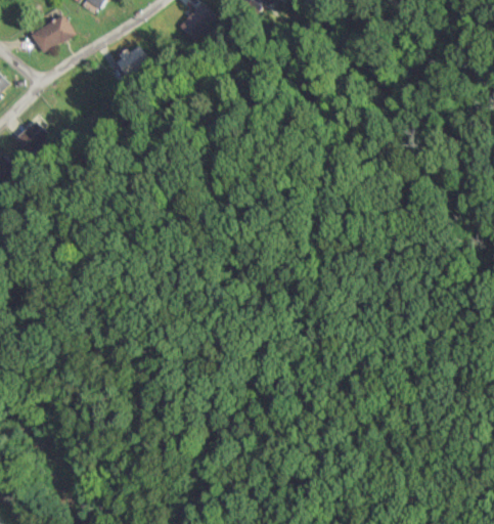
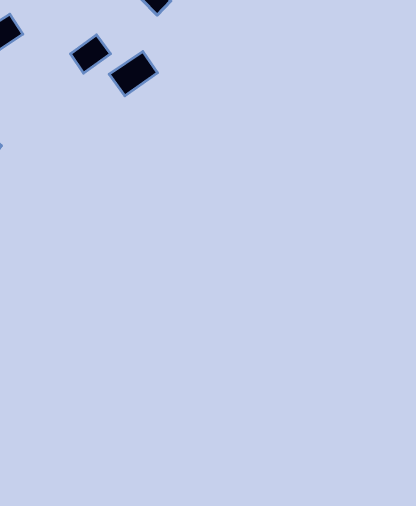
building: none -> [109,52,158,96]

